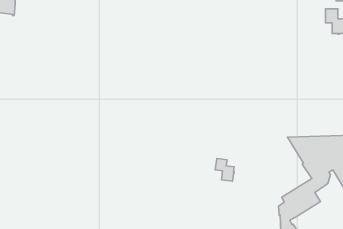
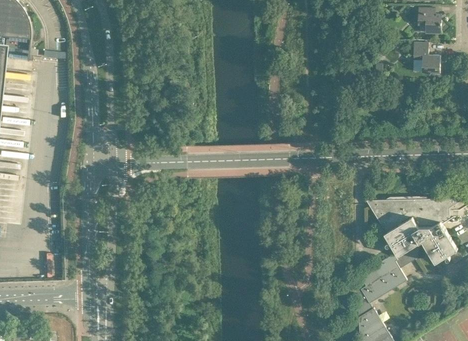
building: [215,159,234,181] -> none

